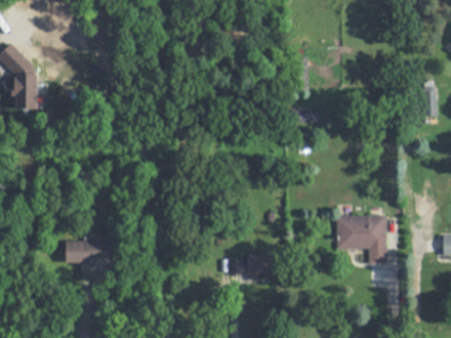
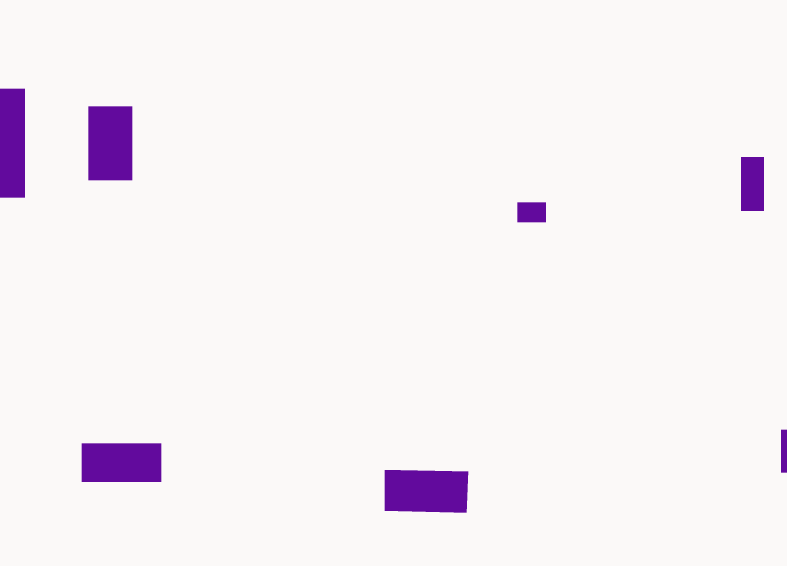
building: none -> [88,106,133,181]
building: [337,215,385,263] -> none

